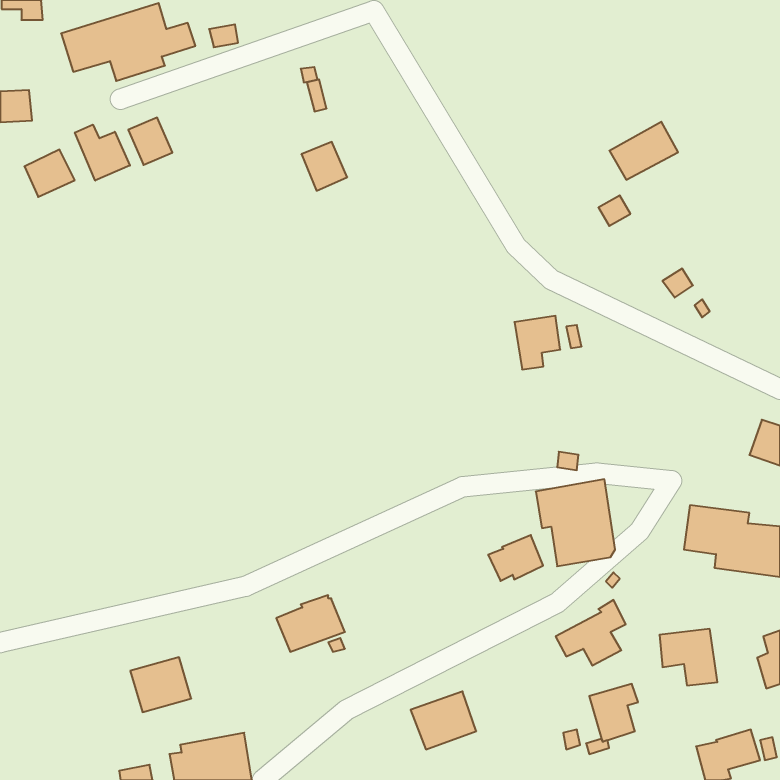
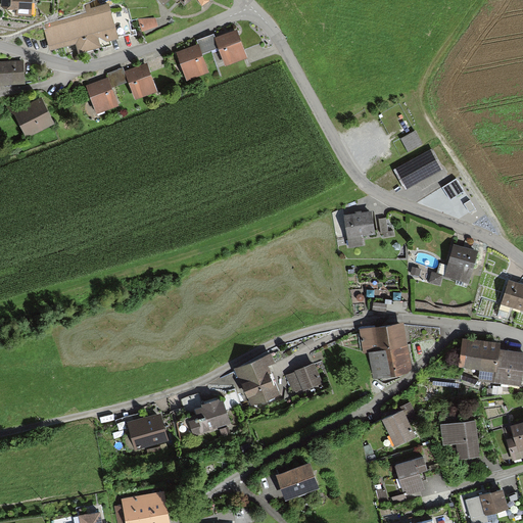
building: none -> [215,30,245,61]
building: none -> [124,63,154,95]
building: [609,122,678,180] -> [395,149,441,188]
building: [75,125,130,181] -> none
building: [301,142,347,191] -> [176,44,206,77]
building: none -> [430,244,477,285]
building: none -> [235,353,281,409]
building: [488,535,543,581] -> [285,363,322,393]
building: [130,657,191,712] -> [128,414,169,450]

